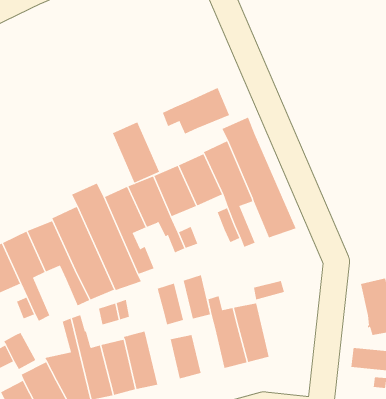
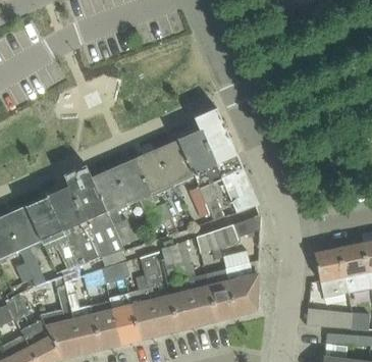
building: [162,87,230,135] -> none
building: [112,122,160,184] -> none
building: none -> [196,214,260,251]
building: none -> [224,260,258,315]
building: none -> [127,275,157,340]
building: none -> [168,291,196,329]

